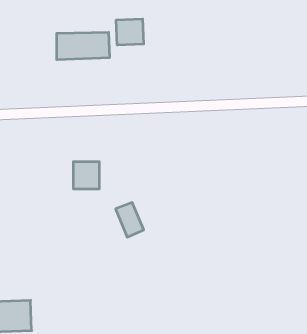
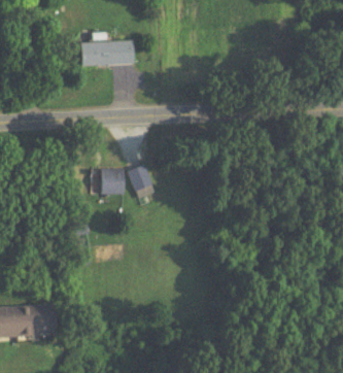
building: [116,19,144,45] -> none
building: [116,203,144,237] -> [127,165,155,199]

